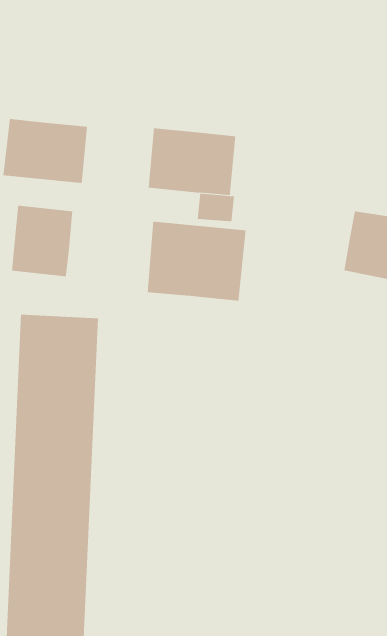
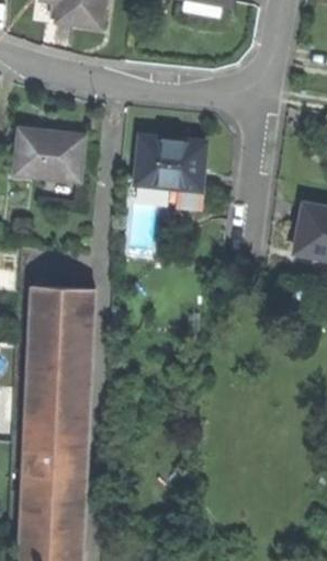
building: [11,205,73,277] -> none
building: [147,221,246,302] -> none

